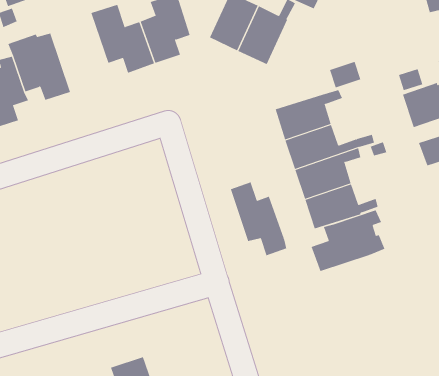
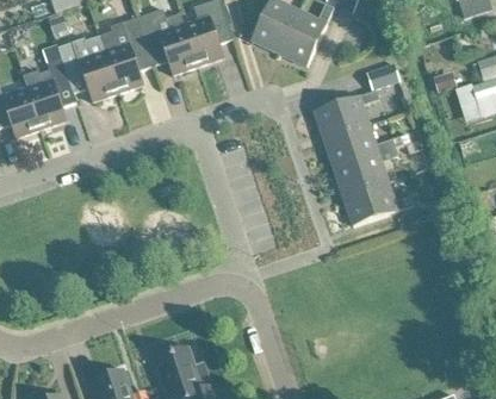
building: none -> [99,15,154,92]
building: [230,181,287,256] -> none
building: [311,209,385,272] -> none

